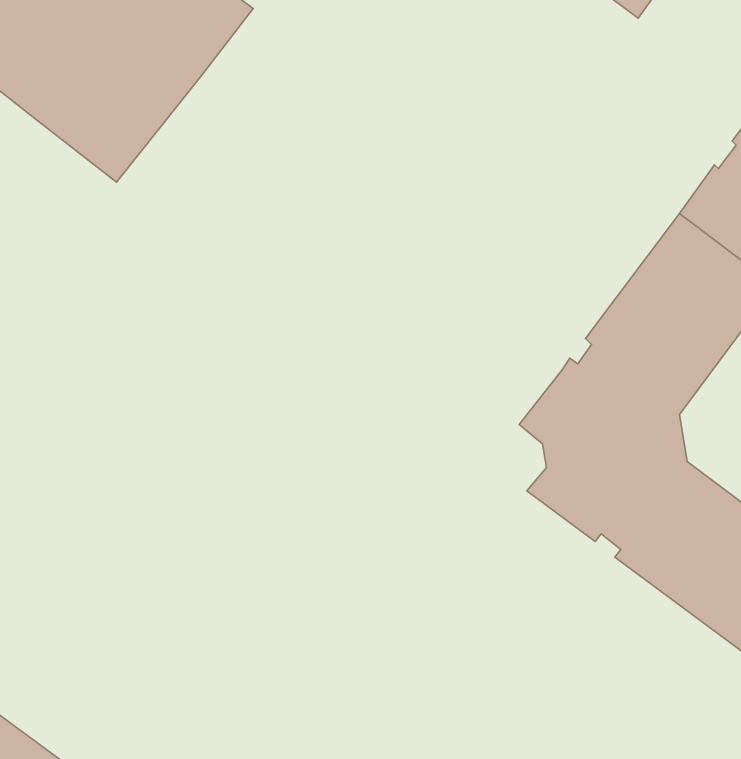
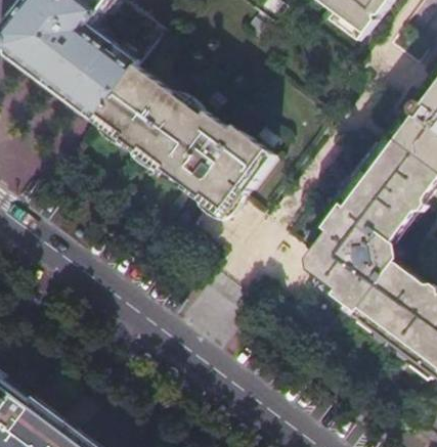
building: none -> [95,65,277,221]

